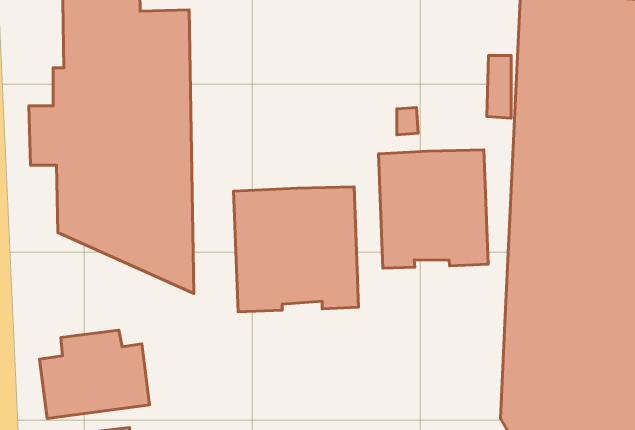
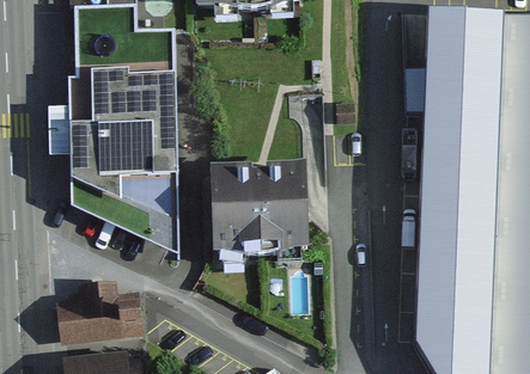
building: [378,150,488,268] -> none

